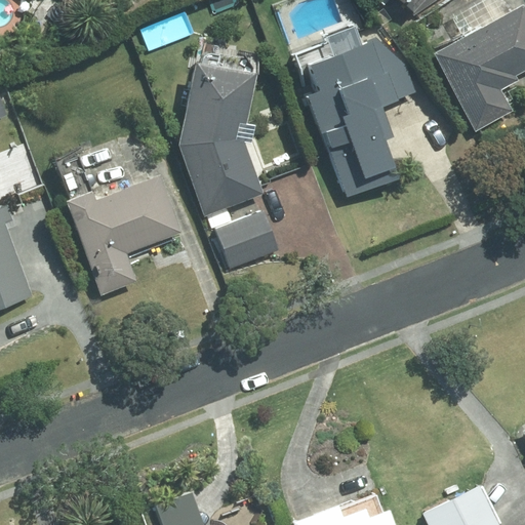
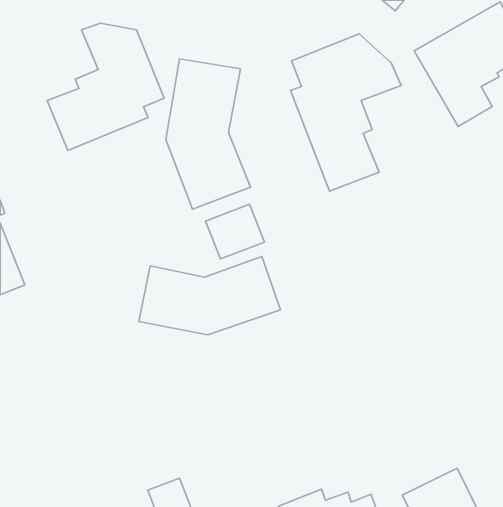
building: none -> [47,23,164,150]
building: [64,174,180,296] -> none
building: none -> [139,257,281,335]

